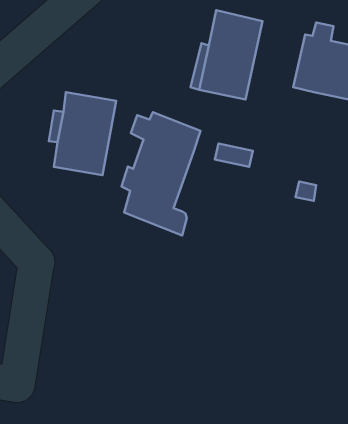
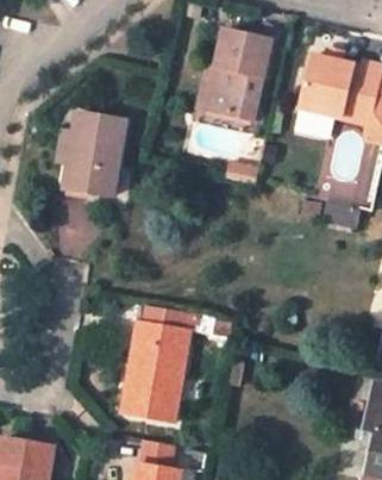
building: [122,112,201,236] -> none
building: none -> [121,319,190,420]

